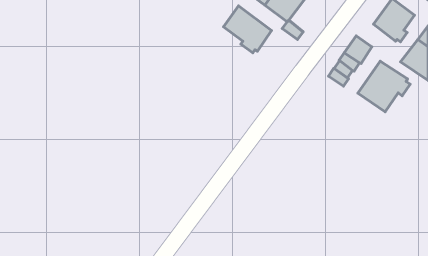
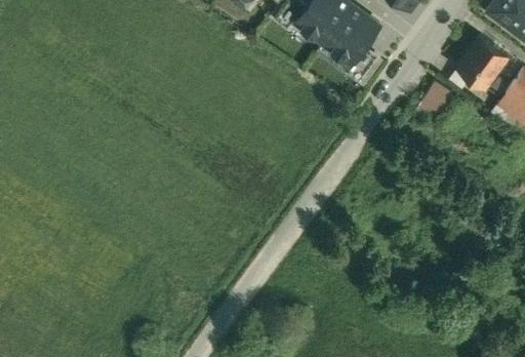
building: [224,6,271,53] -> none
building: [358,61,410,112] -> none

